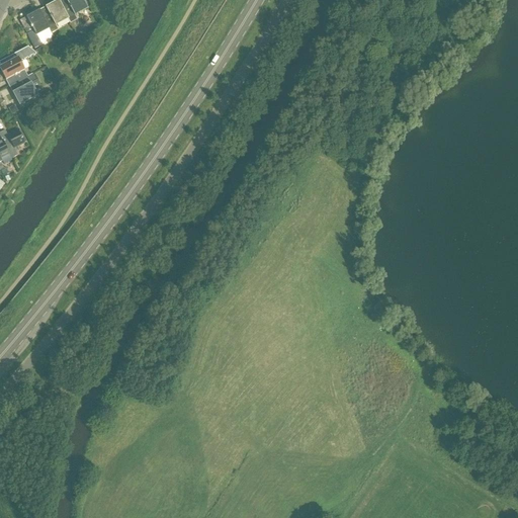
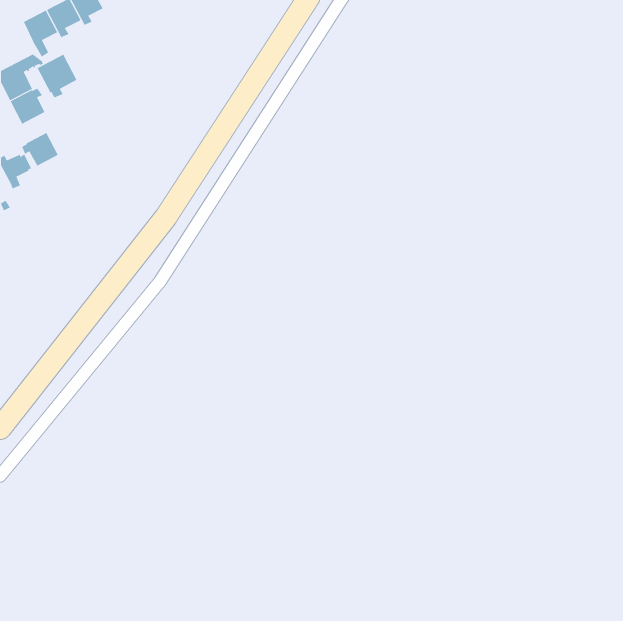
building: none -> [37,54,77,98]
building: none -> [22,132,59,166]

